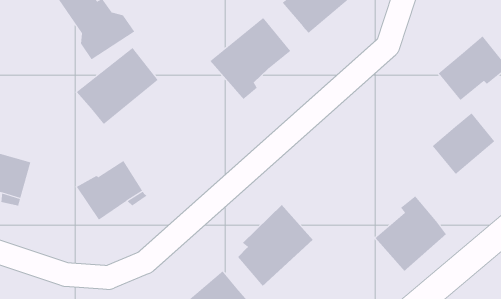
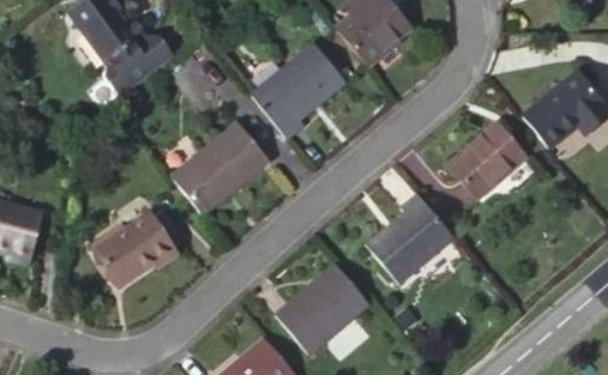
building: [76,47,158,125] -> [169,122,266,213]
building: [432,113,495,175] -> [453,123,528,196]
building: [375,195,447,272] -> [373,199,458,289]

